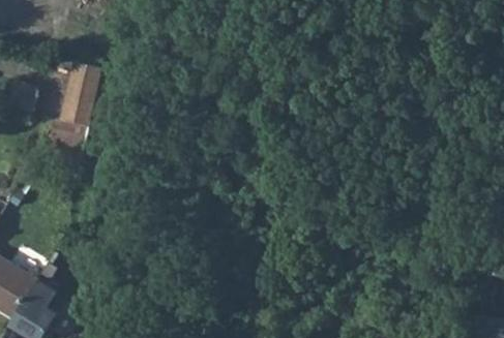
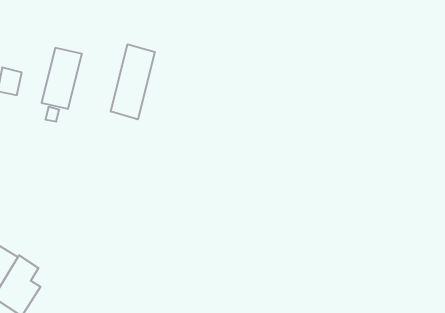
building: none -> [111,44,155,119]

